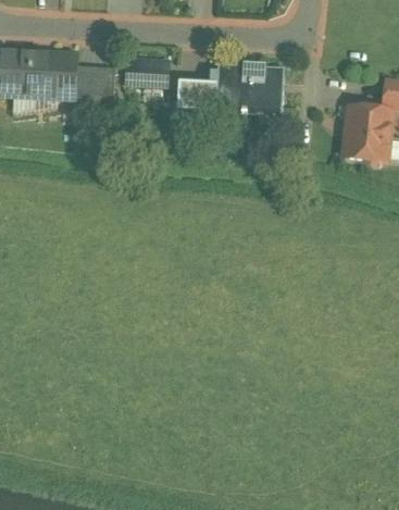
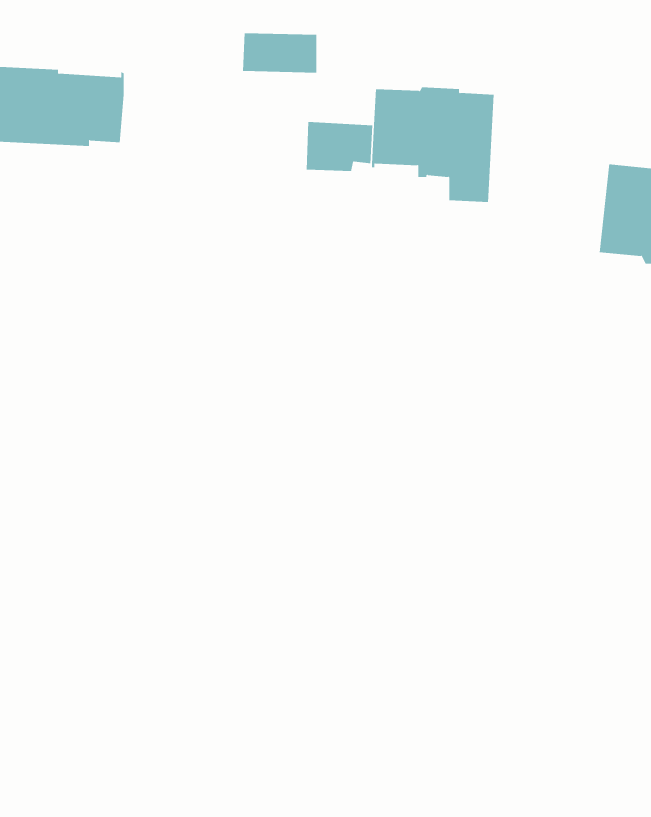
building: [125,61,167,84] -> [242,33,317,73]
building: [74,66,115,102] -> none

